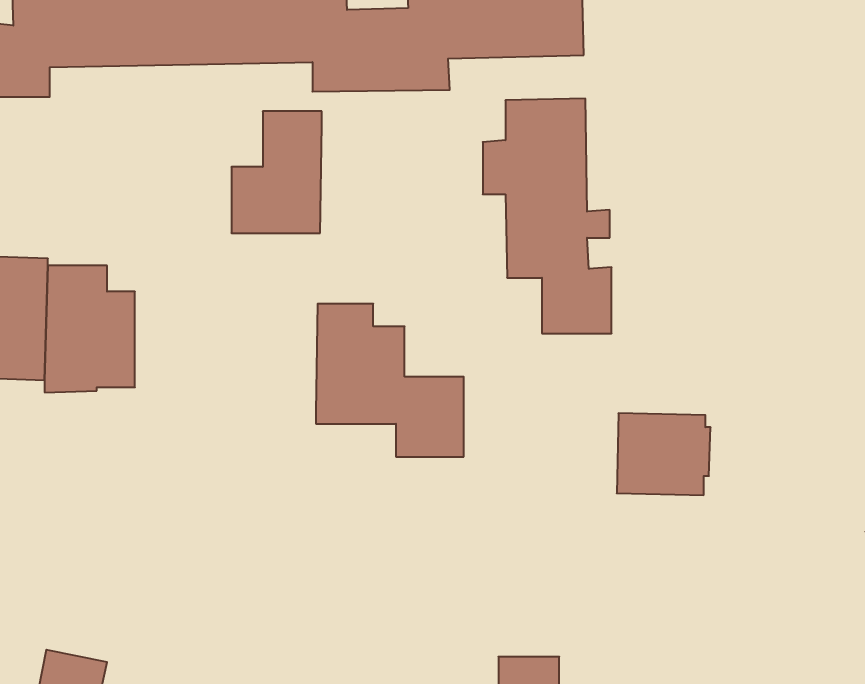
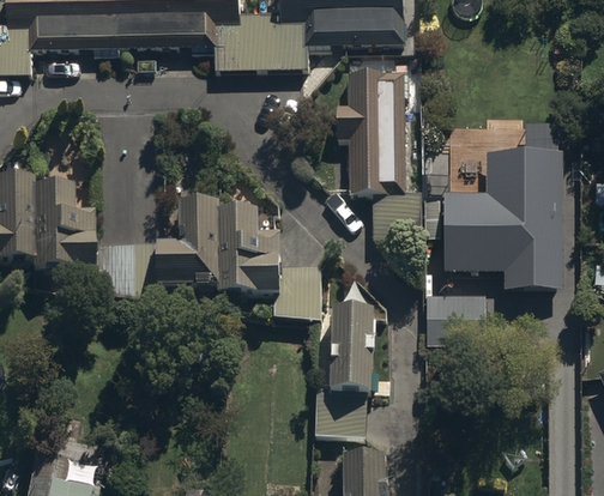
building: [231,111,322,233] -> [157,205,219,289]
building: none -> [443,139,561,278]
building: none -> [315,311,374,435]

